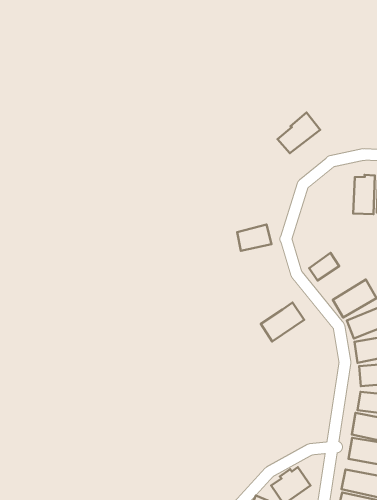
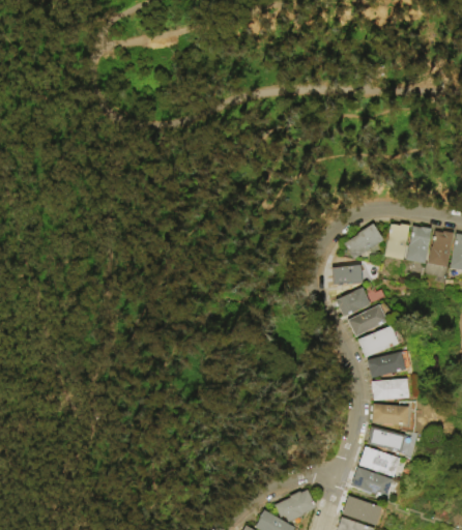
building: [278,113,320,153] -> [344,228,384,263]
building: [237,225,272,251] -> [333,270,363,291]
building: [261,302,304,341] -> [346,301,386,334]

